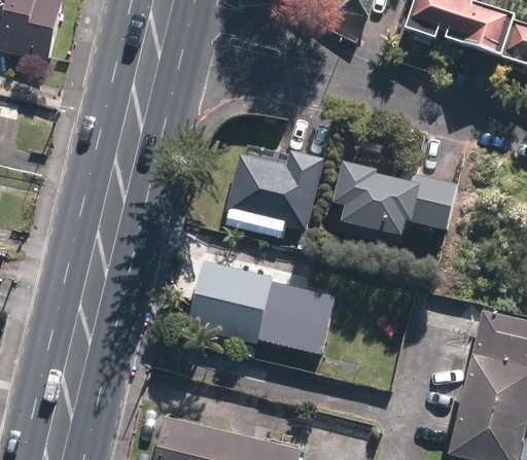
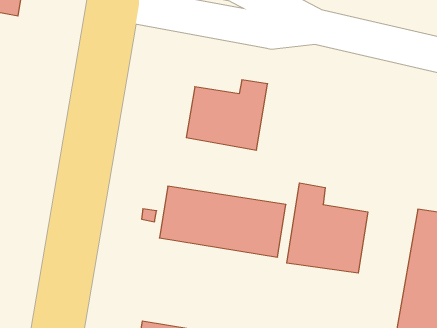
building: [331,163,458,237] -> none
building: none -> [287,183,368,273]

